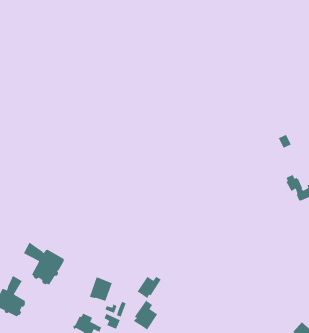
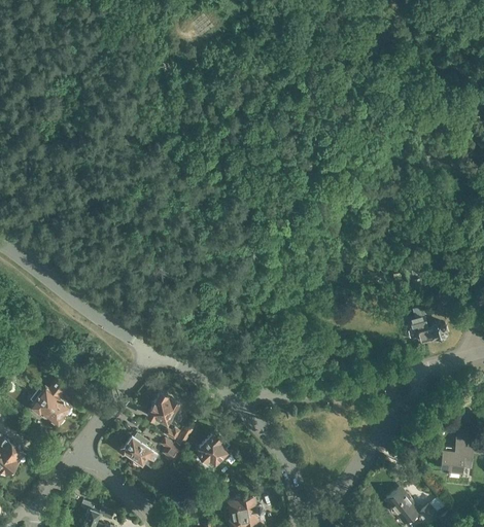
building: [23,242,65,286] -> none
building: [136,276,162,299] -> none

